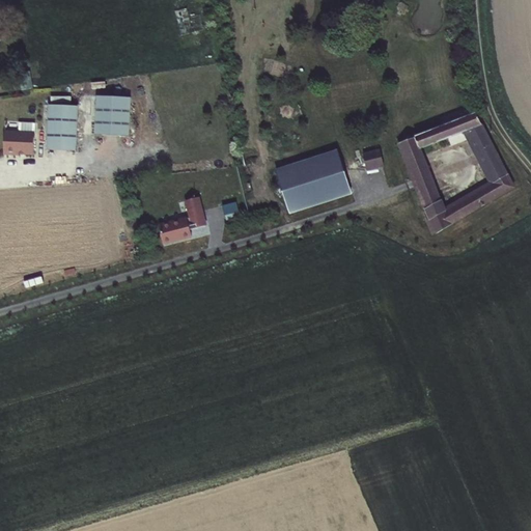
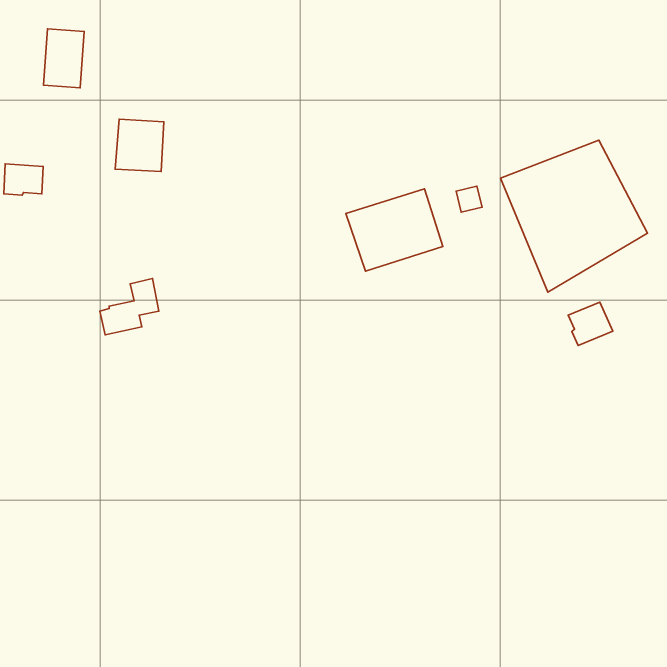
building: [45,103,77,149] -> [44,29,84,88]
building: [157,197,203,242] -> [100,278,159,335]
building: none -> [568,302,613,345]

